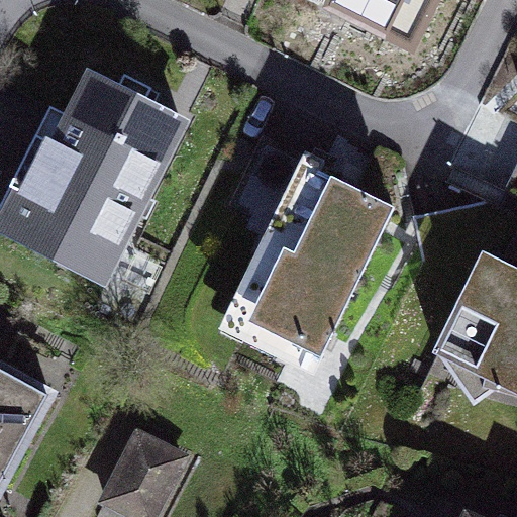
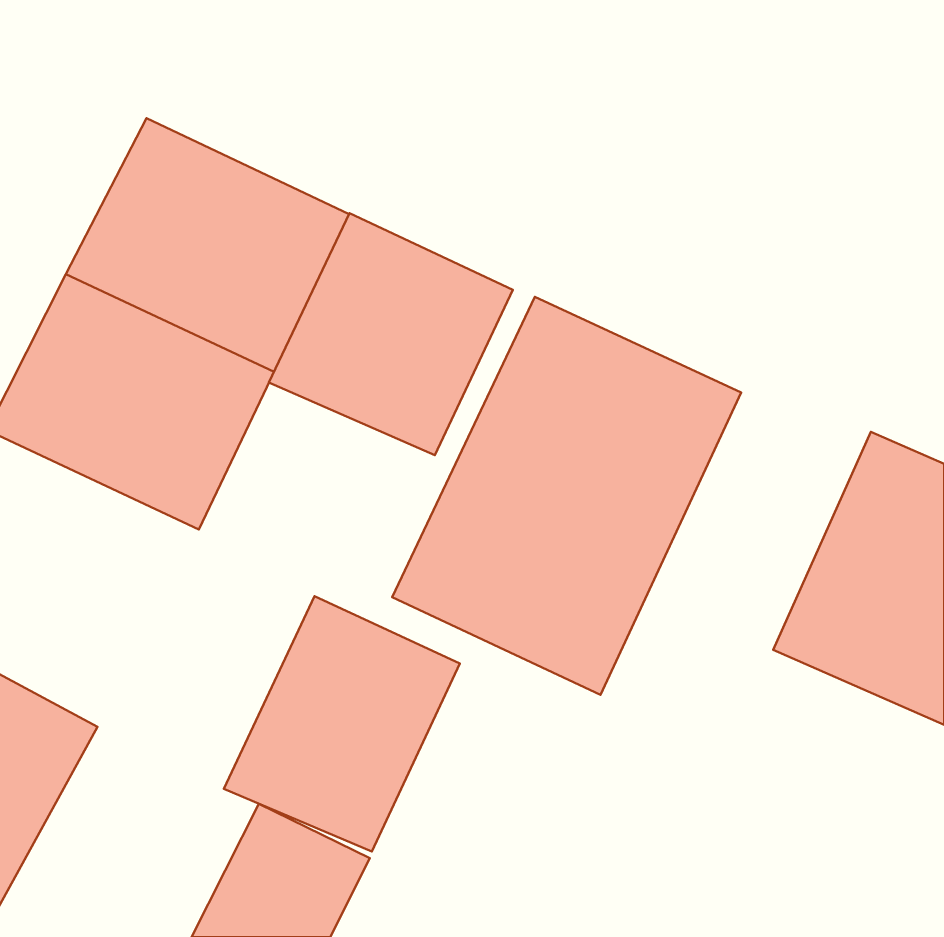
building: none -> [269,213,513,455]
building: none -> [224,596,460,852]

